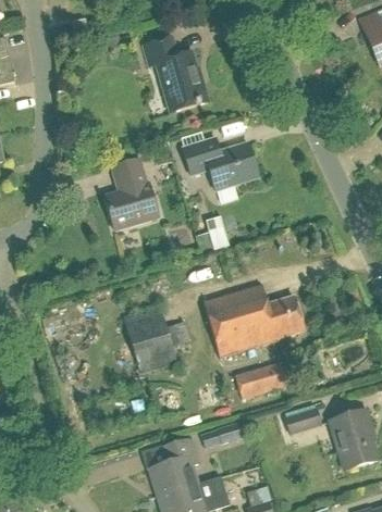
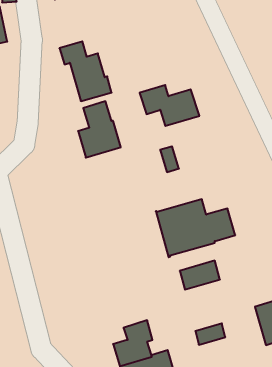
building: [143,35,209,111] -> [59,41,112,101]
building: [123,303,188,372] -> none
building: [284,405,322,433] -> [195,323,225,345]

